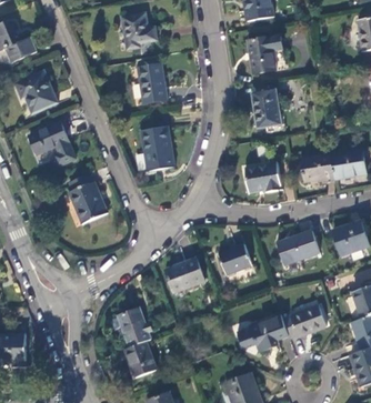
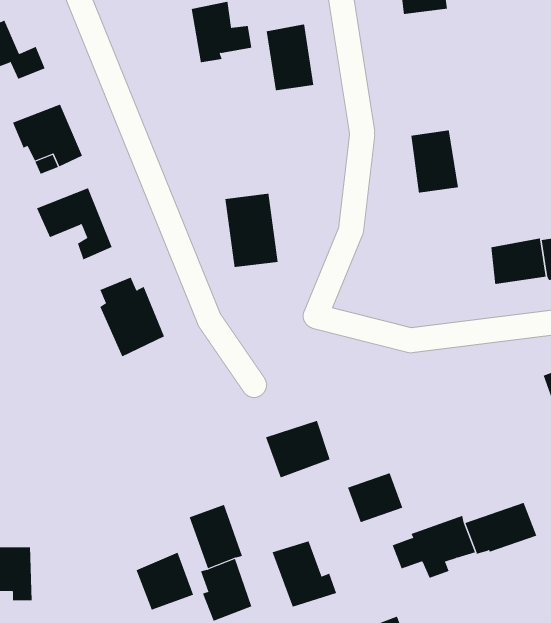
building: [245,33,283,71] -> none
building: [137,62,166,102] -> [266,24,314,91]
building: [242,159,279,189] -> none
building: [274,232,319,268] -> none
building: [218,246,251,276] -> [347,473,403,523]
building: none -> [272,540,337,608]
building: none -> [136,552,194,610]

